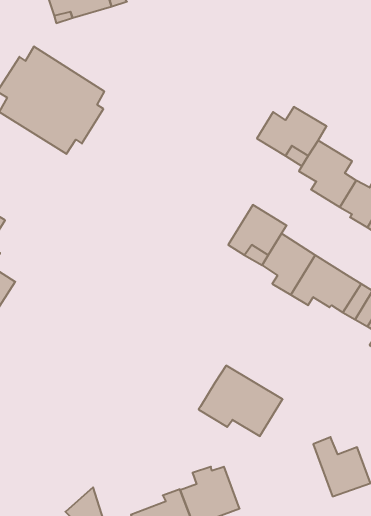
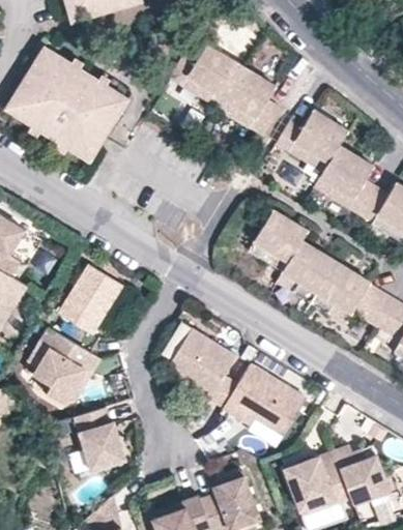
building: none -> [171,45,281,136]
building: none -> [51,268,116,340]
building: none -> [25,326,96,403]
building: none -> [167,332,235,415]
building: none -> [71,409,125,474]
building: none -> [289,453,352,519]

